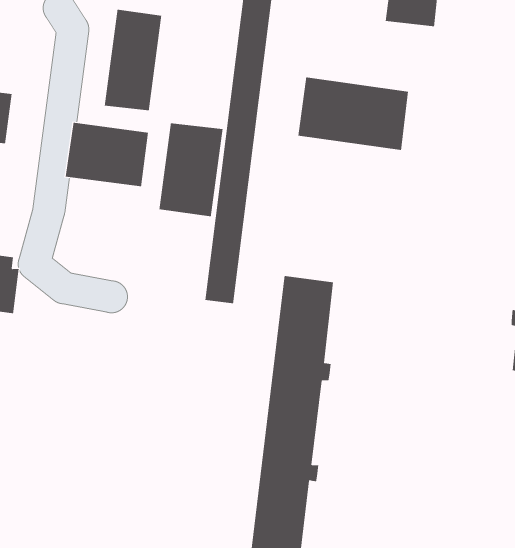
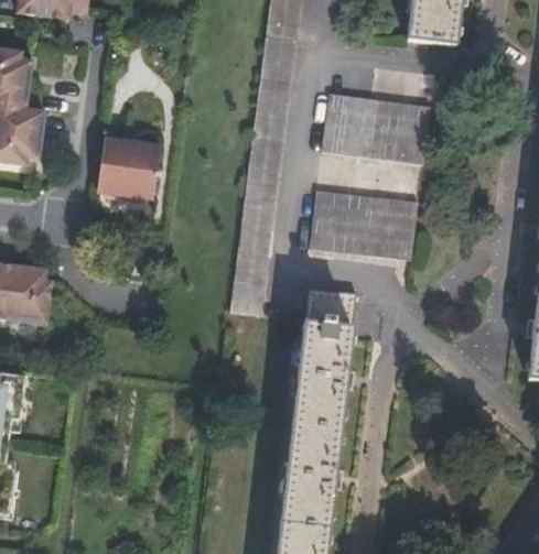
building: [104,9,162,111] -> none
building: [159,122,223,217] -> none
building: none -> [308,189,418,260]

